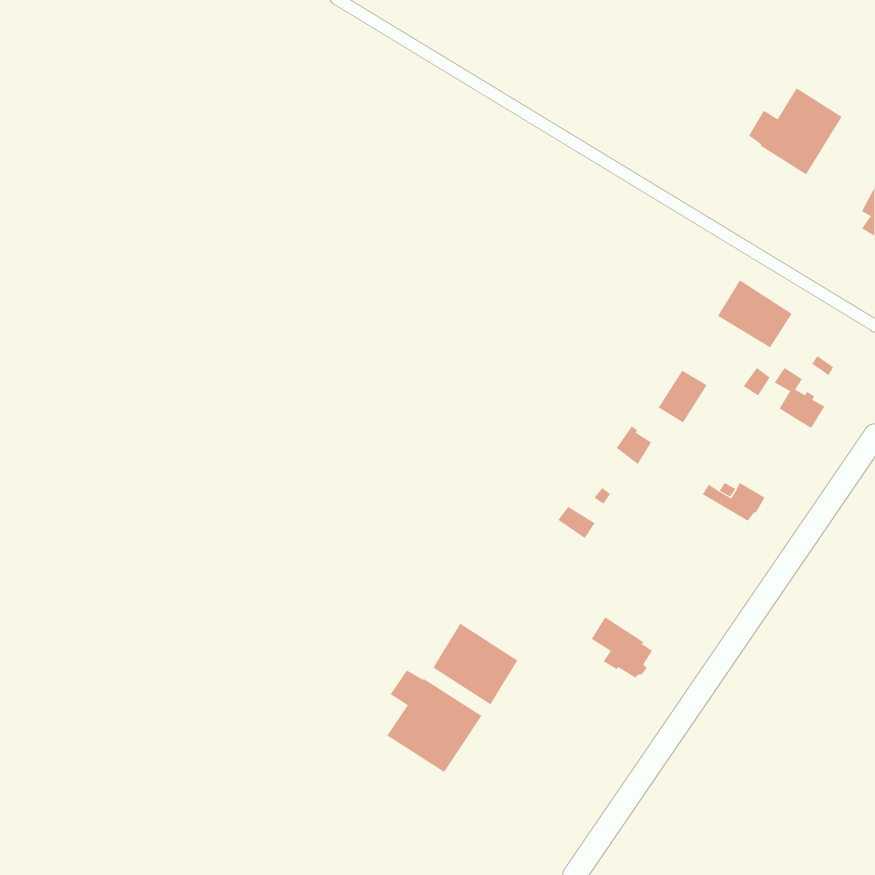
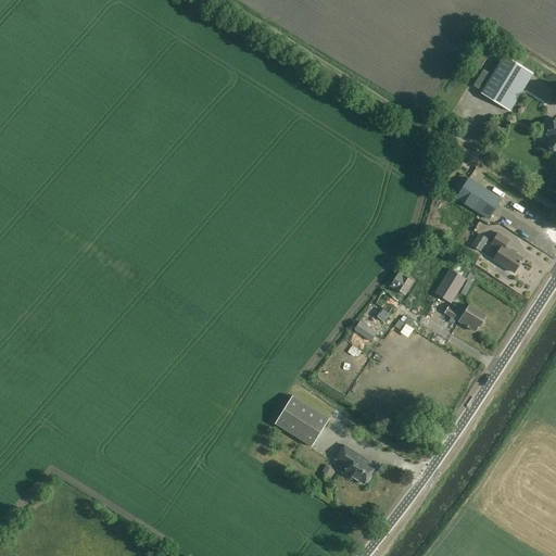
building: [658,370,707,423] -> [433,268,465,302]
building: [591,617,653,678] -> [334,444,374,483]
building: [387,670,482,773] -> none

